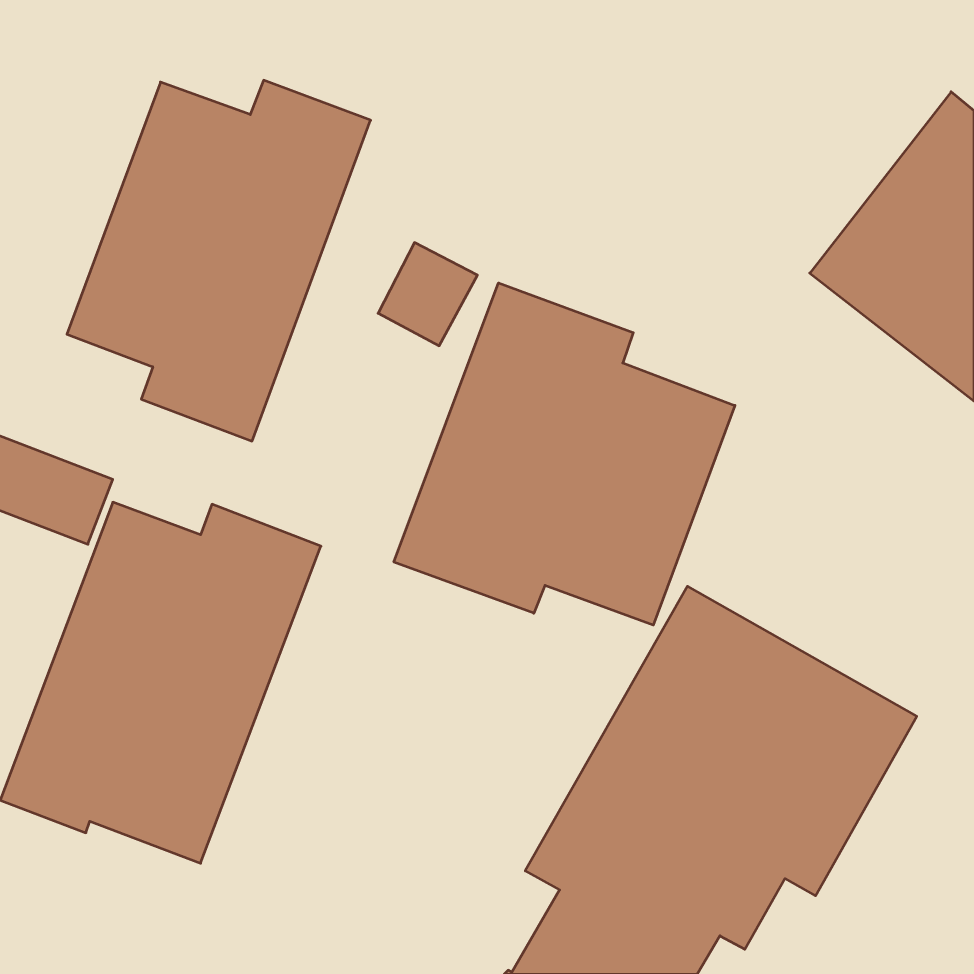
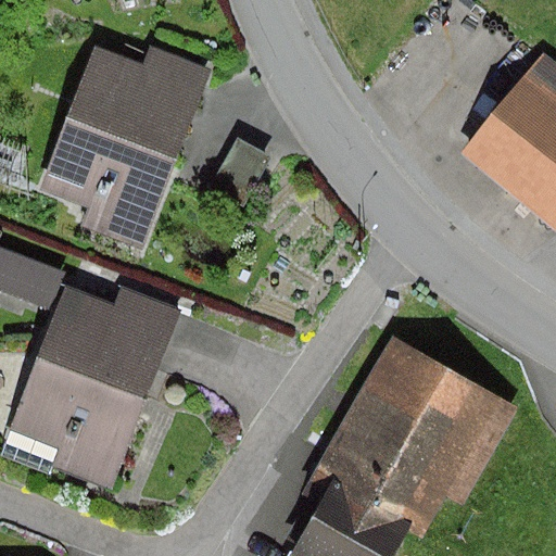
building: [394,283,735,625] -> none

